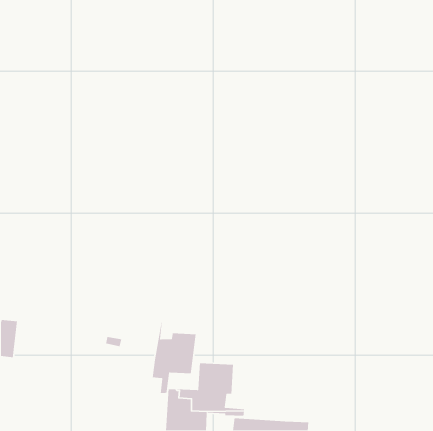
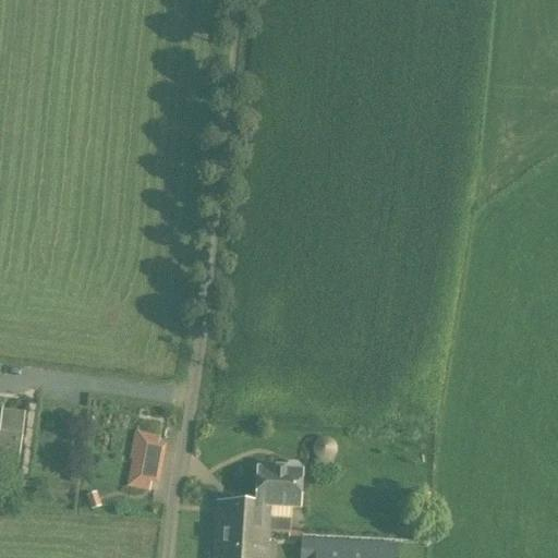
building: [152,316,197,399] -> none
building: none -> [128,459,157,488]

